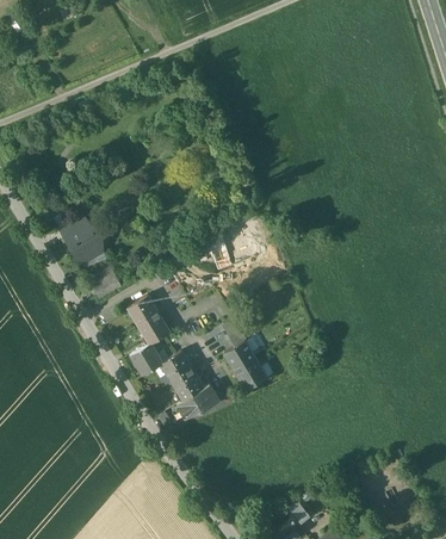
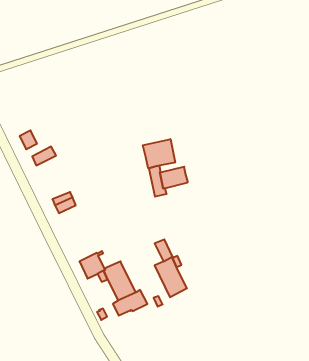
building: none -> [143,139,175,168]
building: [66,225,99,265] -> none
building: [126,295,169,343] -> none

